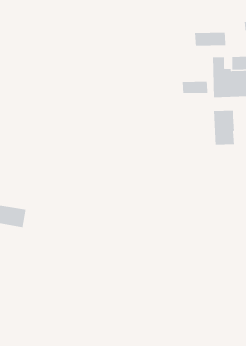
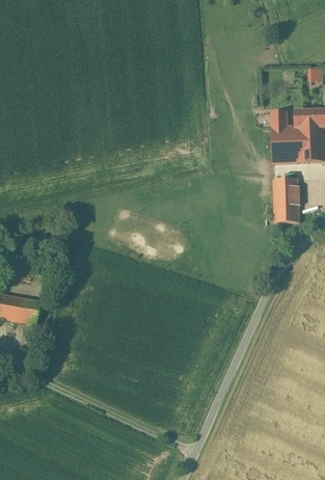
building: [194,32,226,47] -> none
building: [182,81,208,94] -> none

